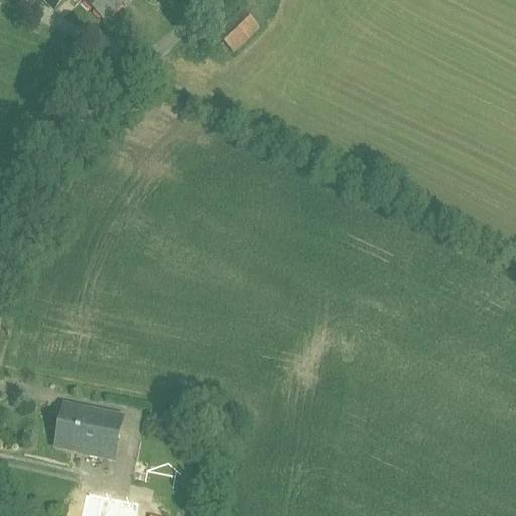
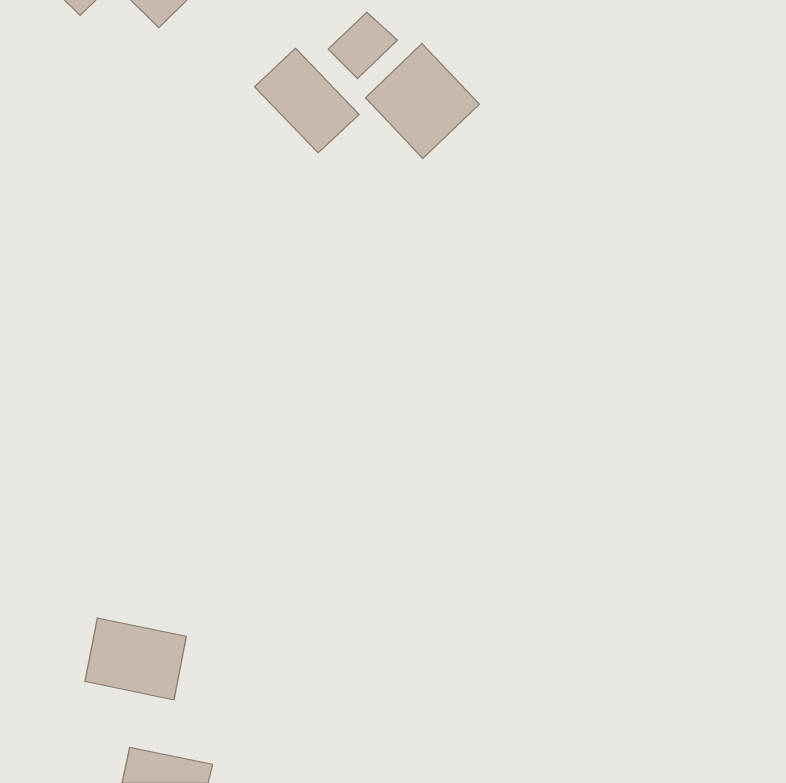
building: none -> [365,43,479,159]
building: none -> [255,48,359,153]

